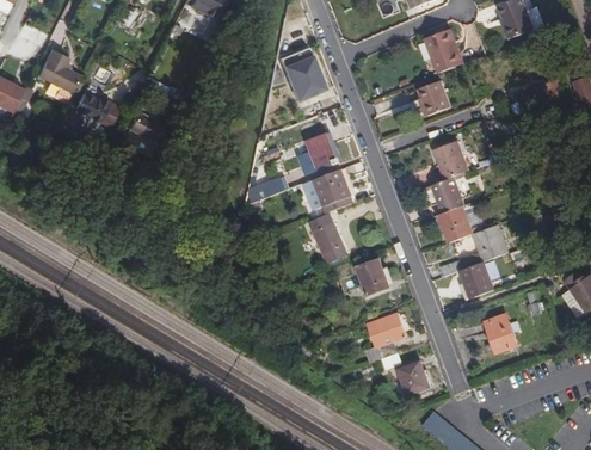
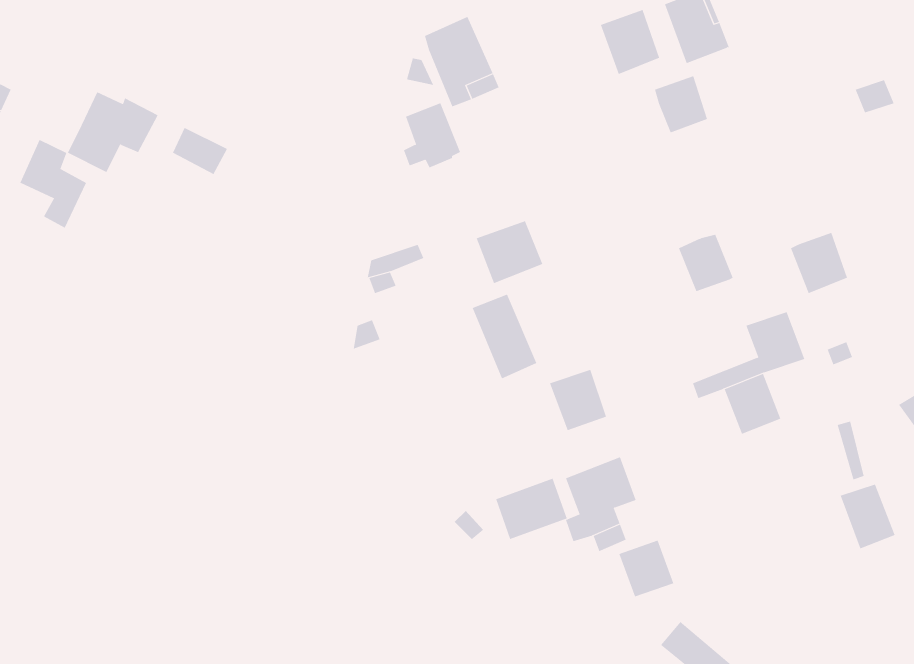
building: none -> [600,9,660,75]
building: [38,50,79,104] -> [19,139,87,228]
building: [303,132,338,172] -> [403,103,461,168]
building: [435,141,469,179] -> none
building: [438,204,473,241] -> [790,232,848,294]
building: [484,313,517,352] -> [840,484,895,549]
building: none -> [495,478,567,540]

